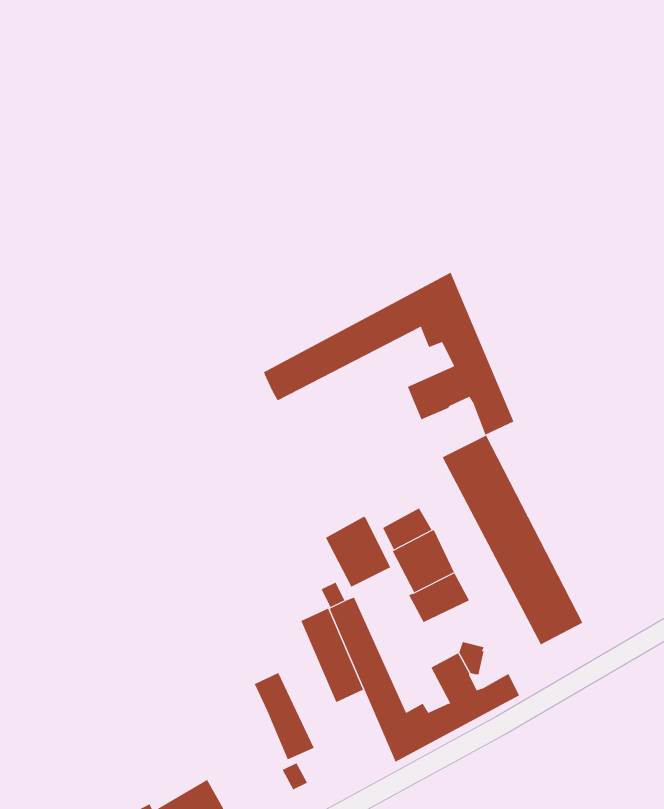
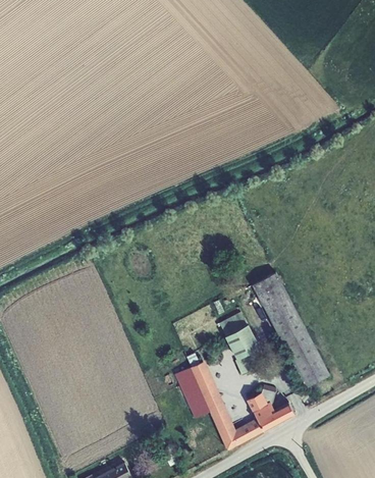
building: [262,272,514,435] -> none
building: [325,516,392,587] -> none
building: [254,672,315,760] -> none

